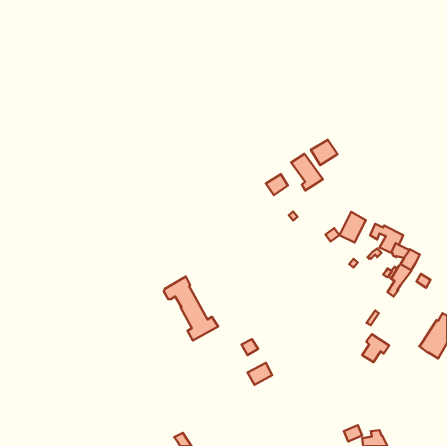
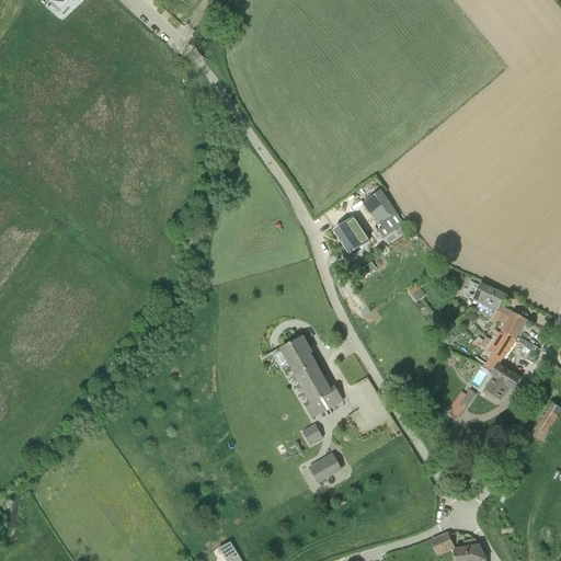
building: [311,140,337,165] -> none
building: [339,212,366,242] -> none
building: [164,277,218,340] -> [275,336,343,416]
building: [362,334,389,362] -> [486,364,520,399]

